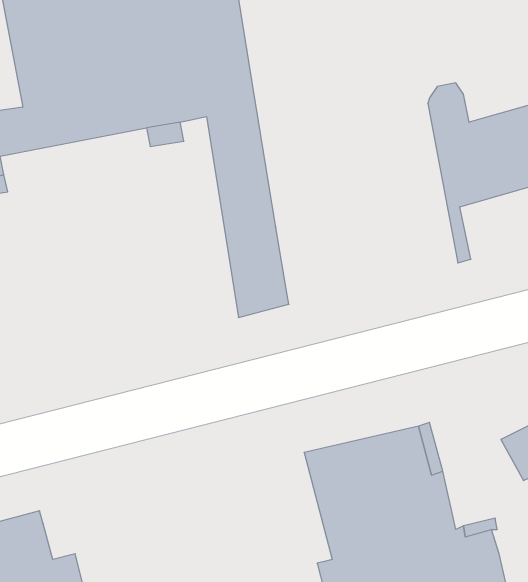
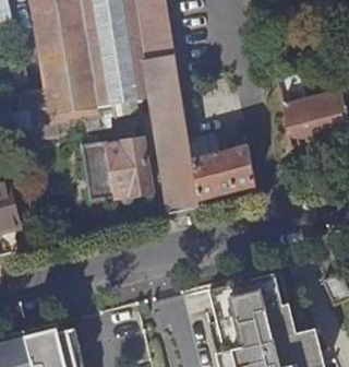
building: none -> [82,138,152,200]
building: none -> [192,145,254,199]

